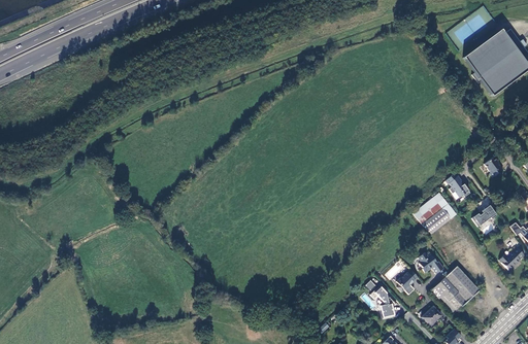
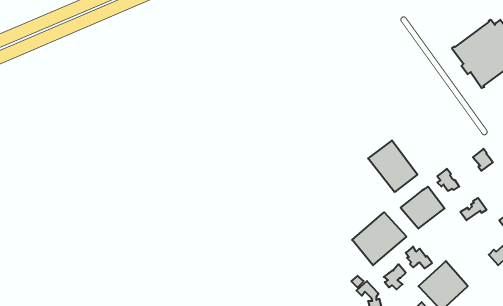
building: none -> [368,140,417,192]
building: none -> [352,212,406,265]

